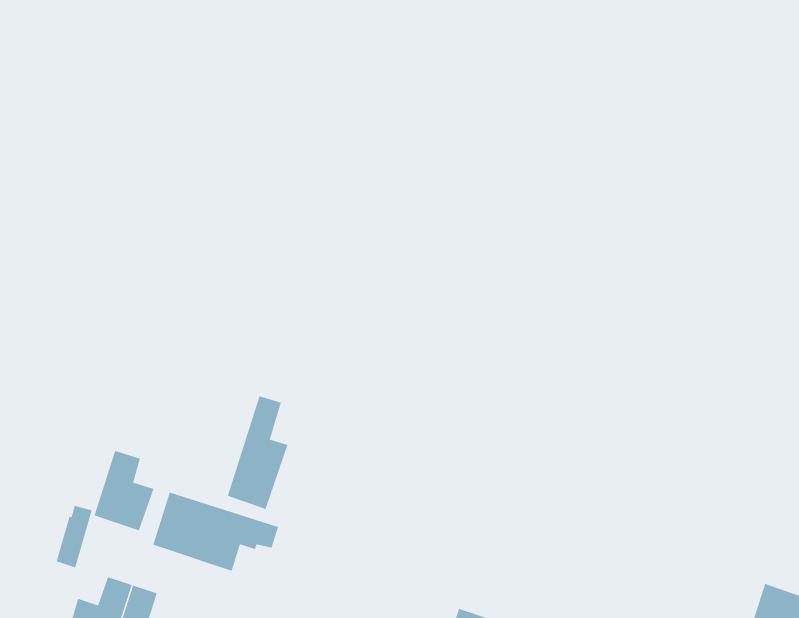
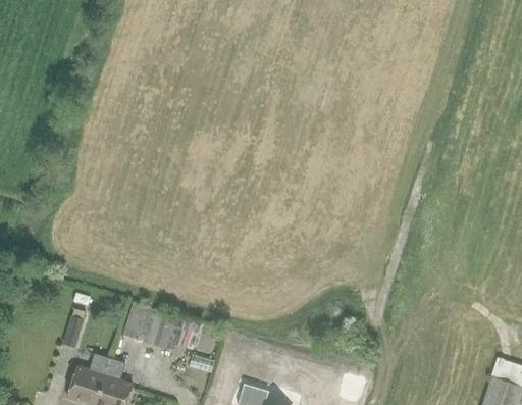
building: [227,395,288,510] -> none
building: [94,450,154,531] -> none

